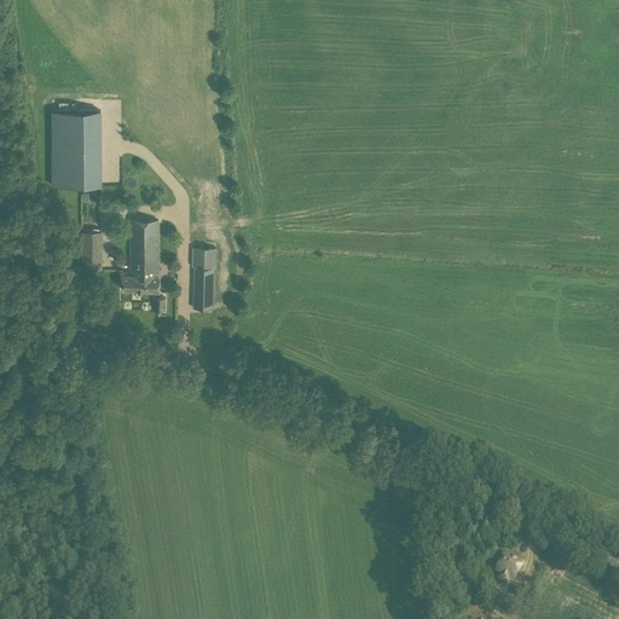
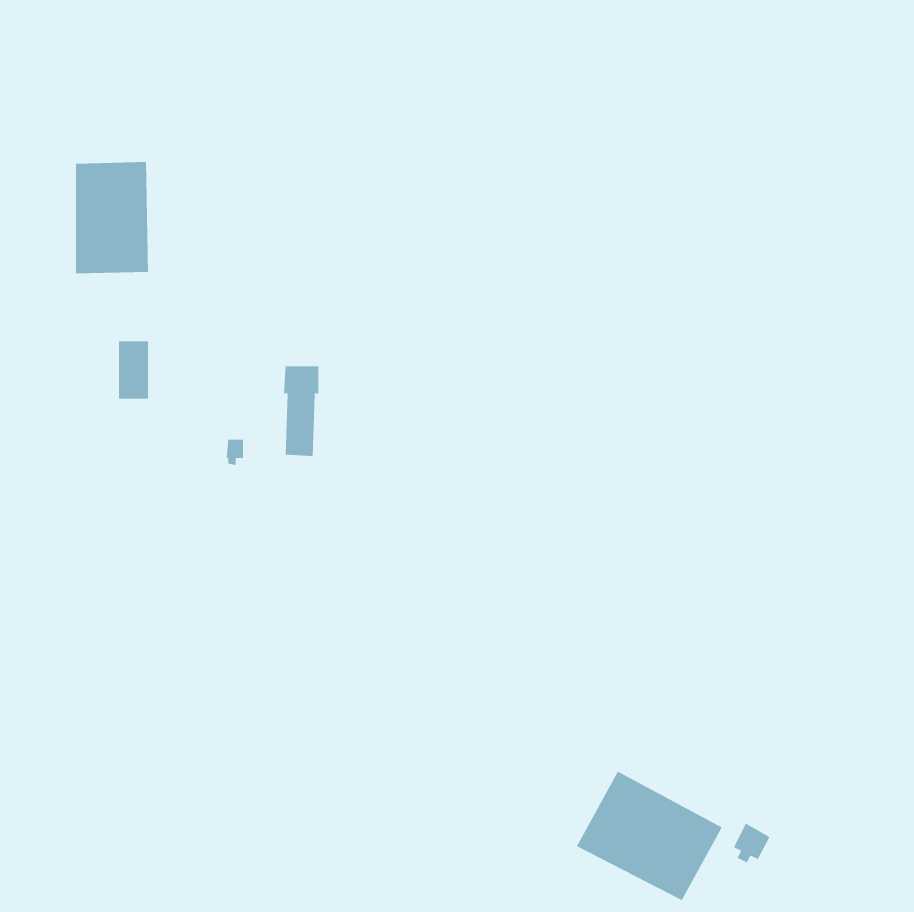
building: [121,221,157,293] -> none
building: none -> [576,771,723,901]

